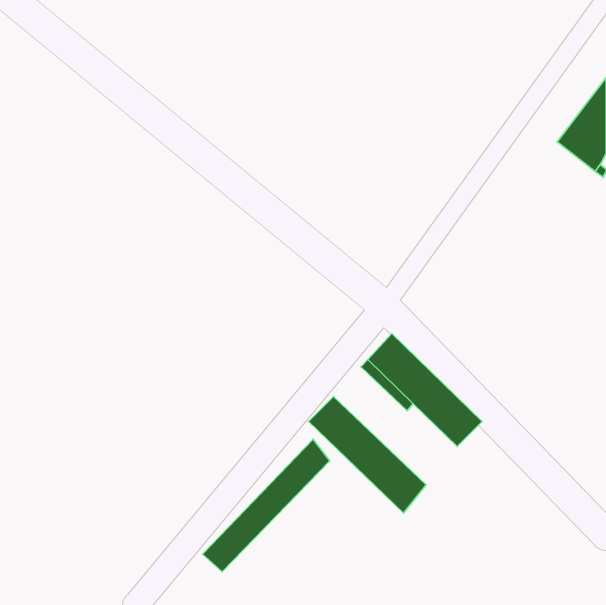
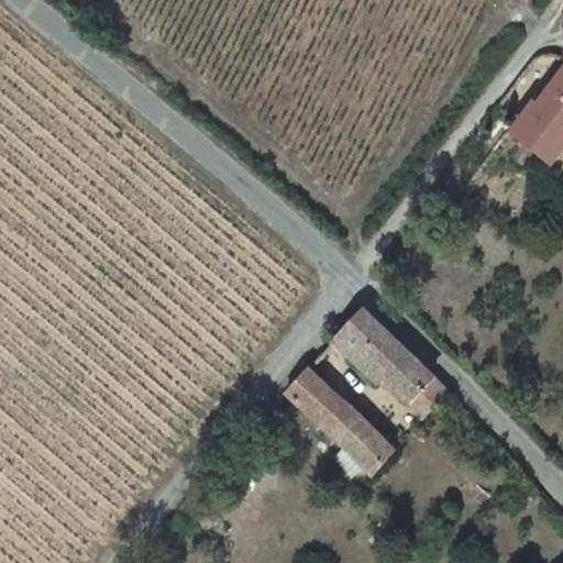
building: [202,439,330,572] -> none

